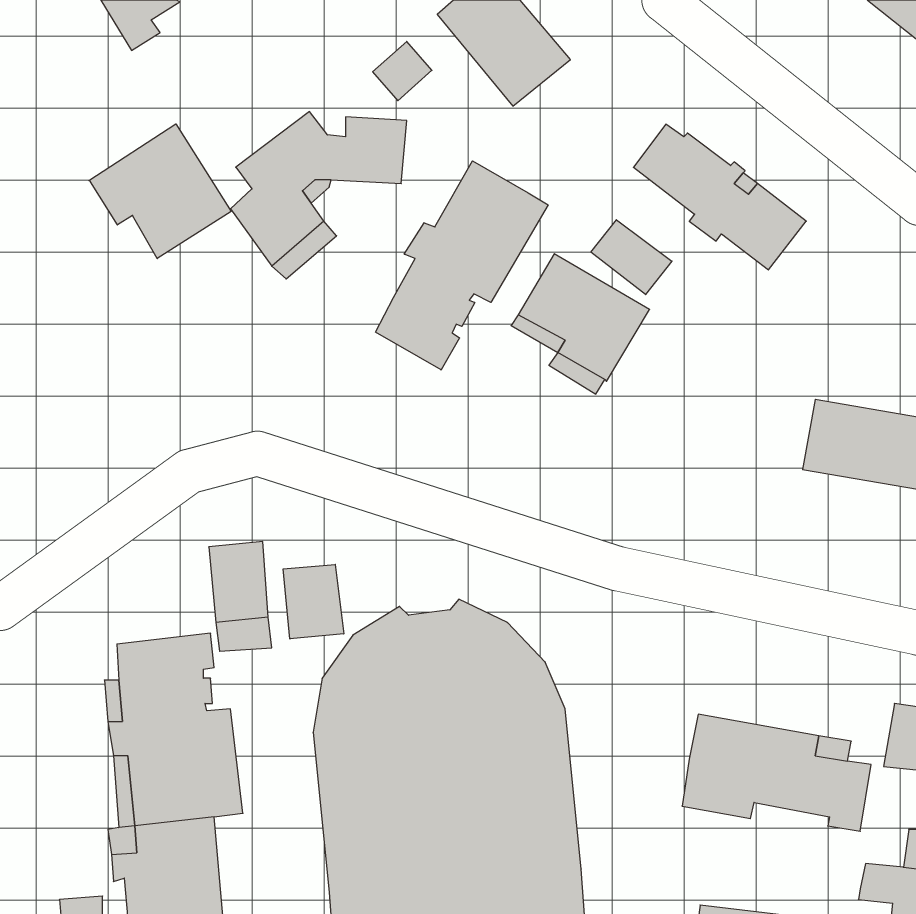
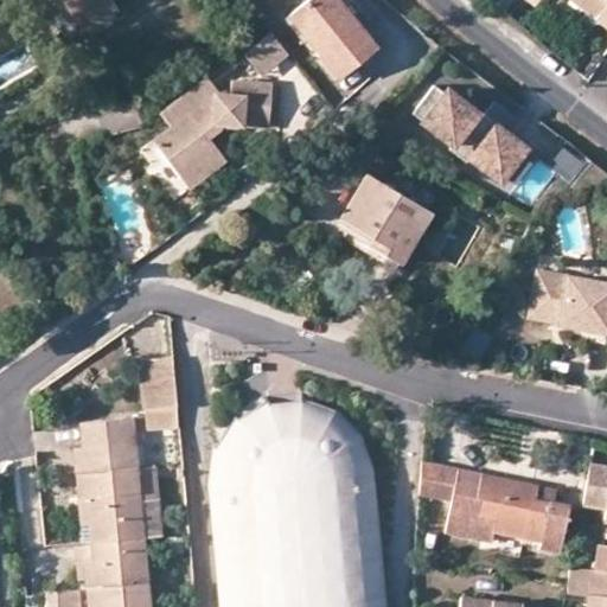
building: [89,124,231,259] -> none
building: [376,161,548,370] -> none
building: [591,220,672,295] -> none
building: [283,564,344,639] -> none
building: none -> [423,468,462,504]

